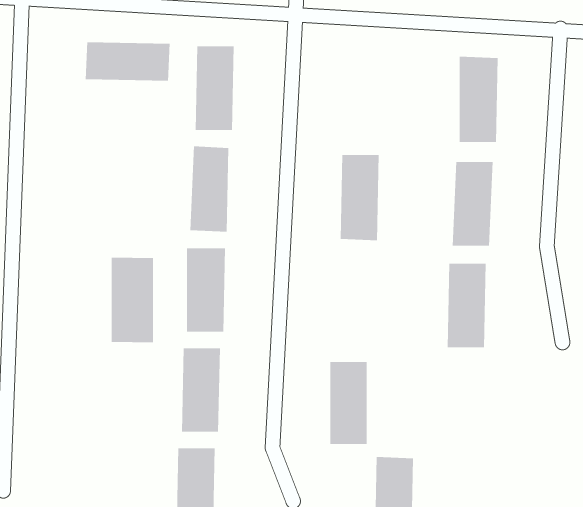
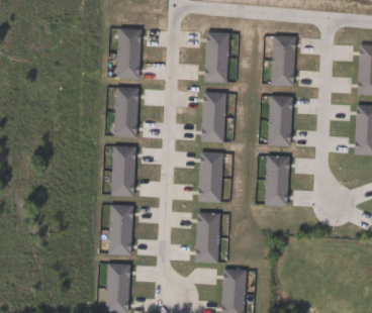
building: [85,41,170,82] -> none
building: none -> [204,31,228,82]
building: none -> [199,150,221,201]
building: [111,257,153,343] -> none

